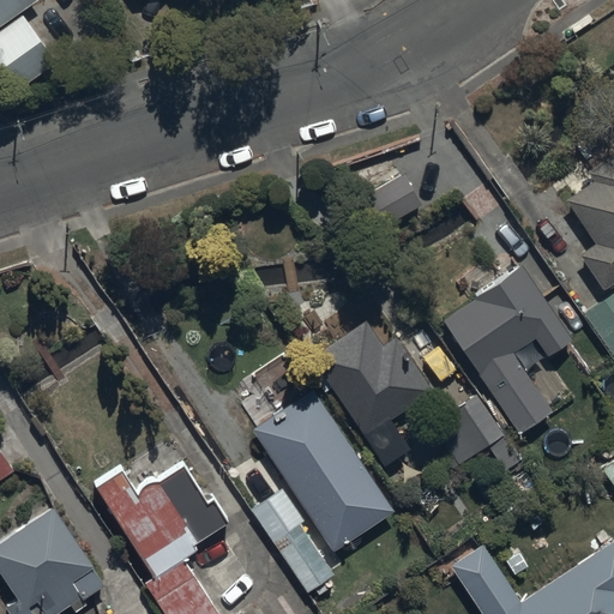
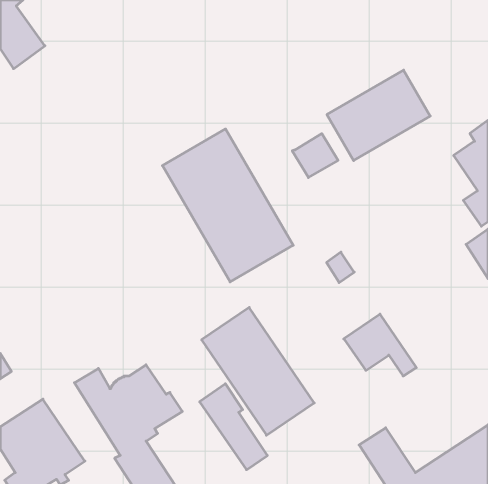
building: none -> [327,70,430,161]
building: none -> [162,129,293,282]
building: [444,272,573,439] -> none
building: [314,319,434,466] -> none

